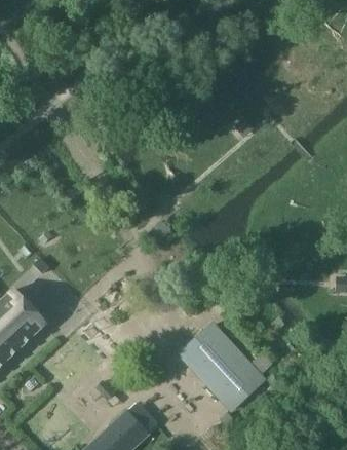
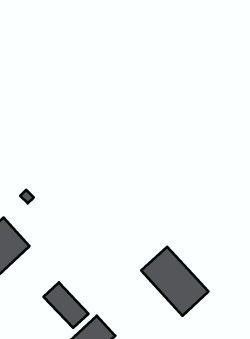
building: none -> [44,282,88,328]

